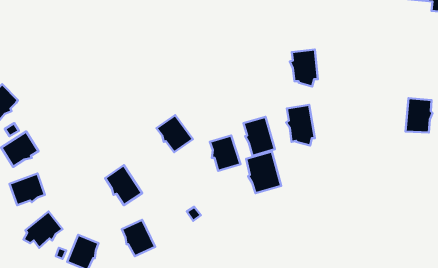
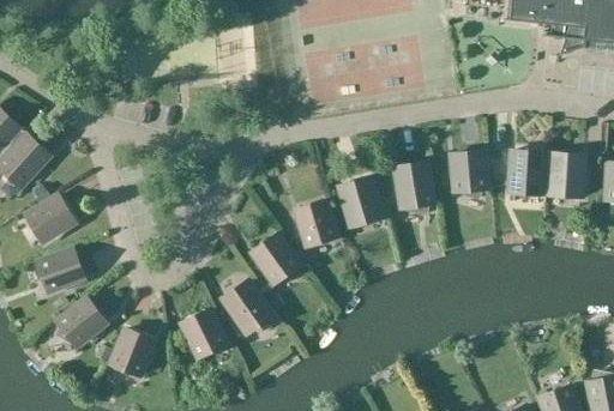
building: [290,49,318,87] -> [450,151,486,199]
building: none -> [508,151,543,195]
building: [157,115,193,152] -> [252,235,299,283]
building: [246,151,281,193] -> none
building: [105,165,142,205] -> [223,282,271,333]

